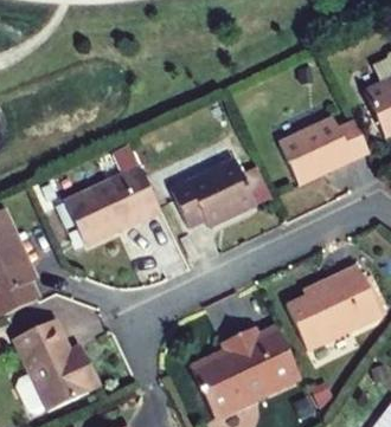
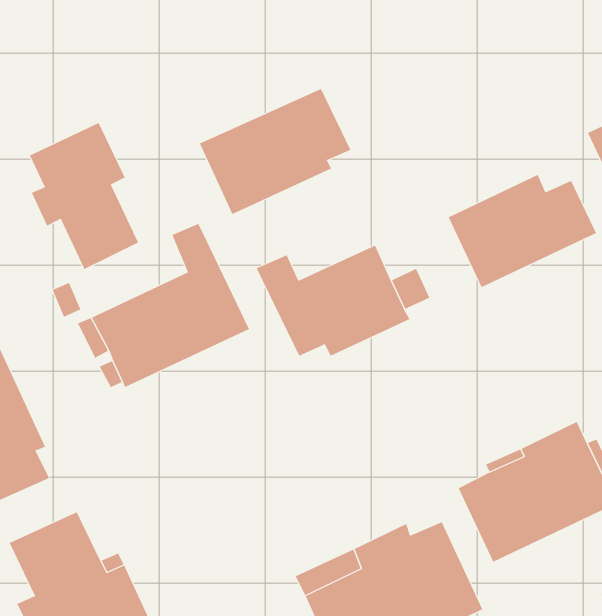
building: none -> [199,88,351,215]
building: none -> [29,122,139,270]

